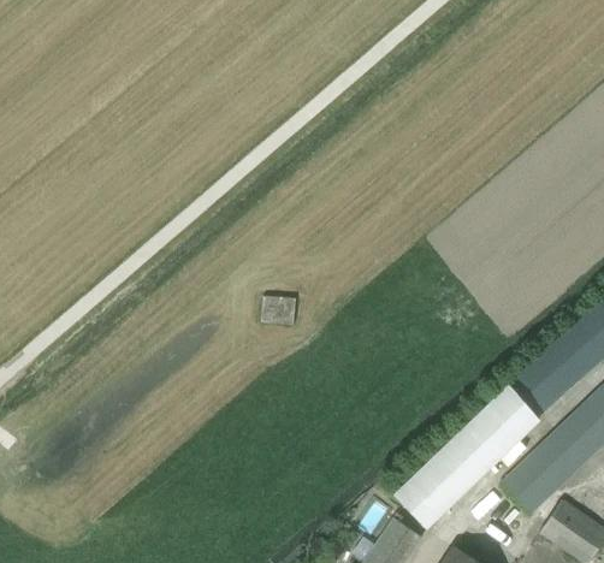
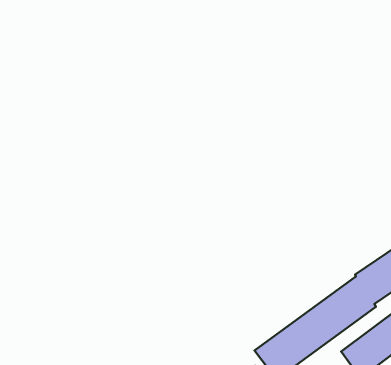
building: [260,295,292,324] -> none

